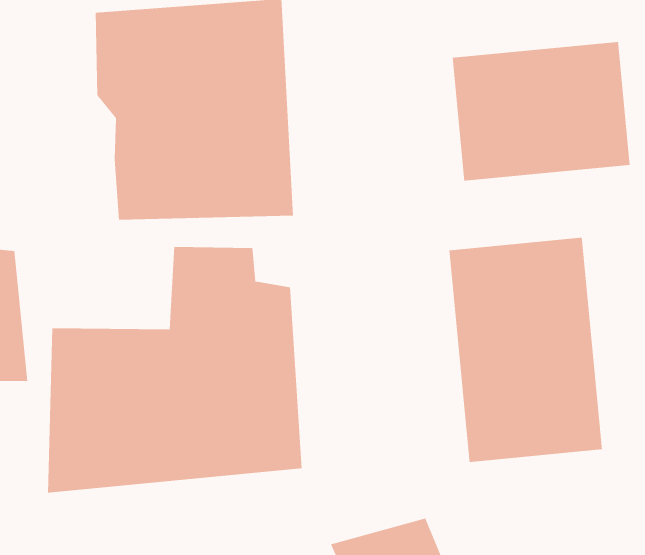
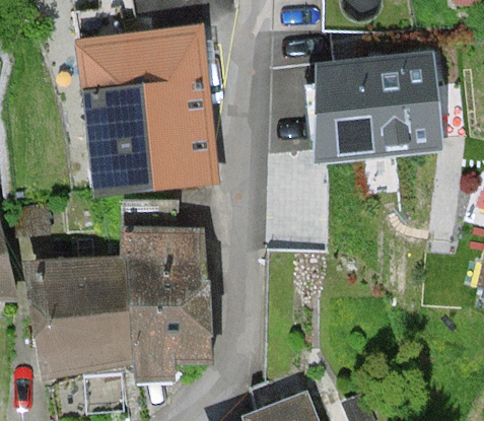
building: [449,237,602,463] -> none

